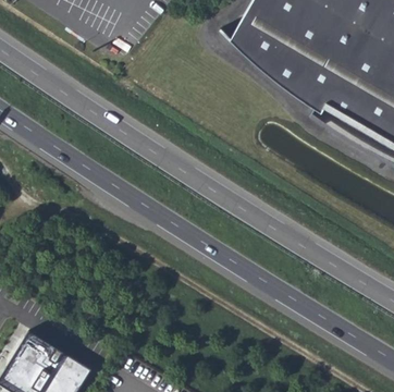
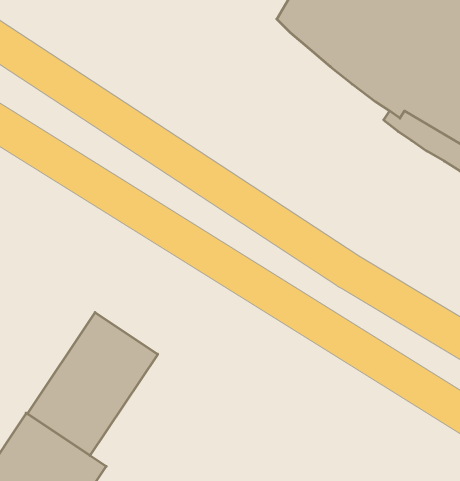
building: none -> [27,312,158,456]

